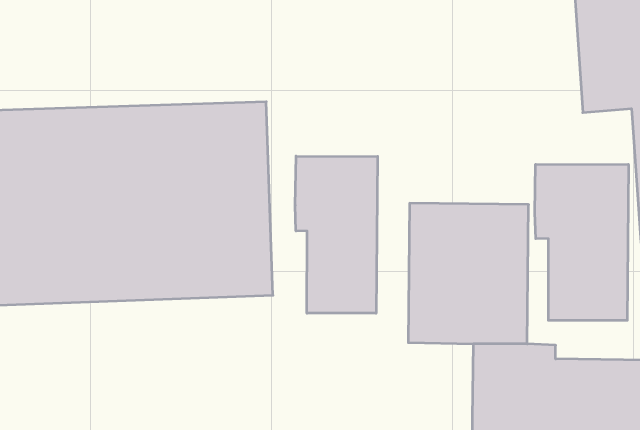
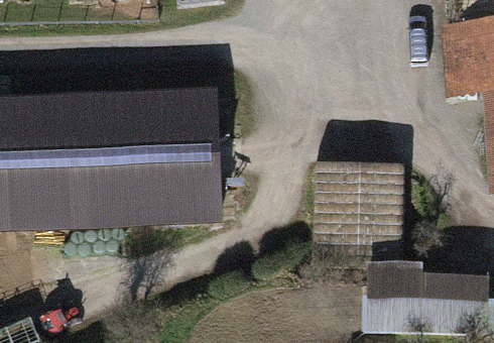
building: [295,156,378,313] -> none
building: [535,164,628,320] -> none

